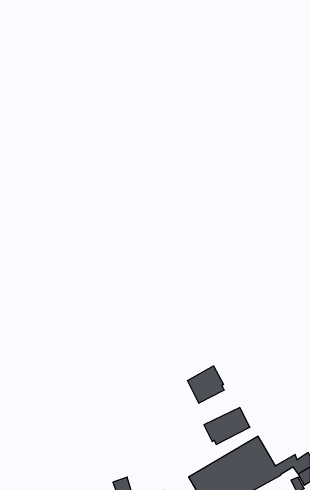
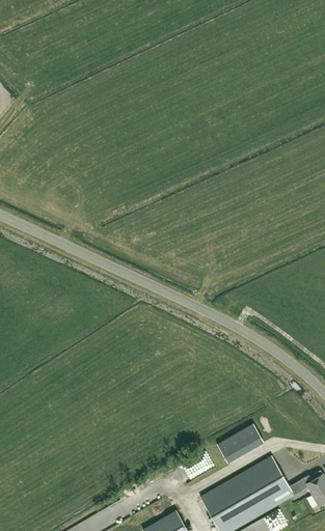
building: [187,366,224,403] -> none

